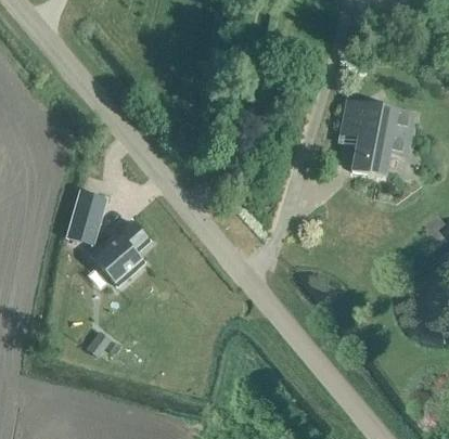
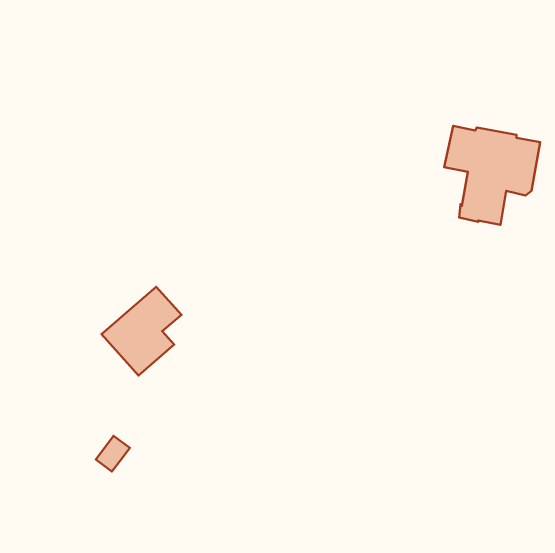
building: [67,185,105,236] -> none

